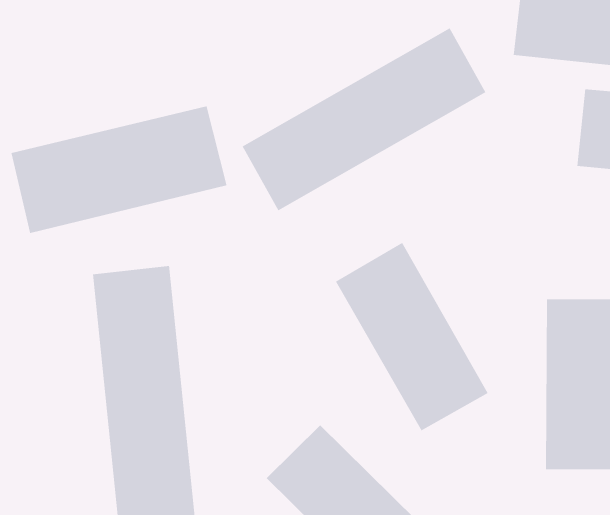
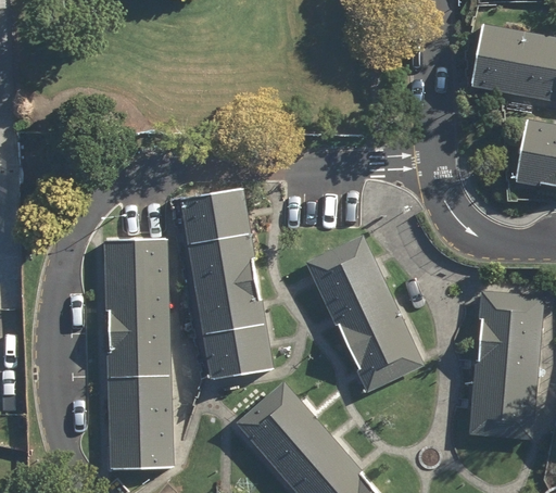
building: [242,28,486,211] -> none
building: [11,105,227,234] -> none
building: none -> [178,190,274,381]

